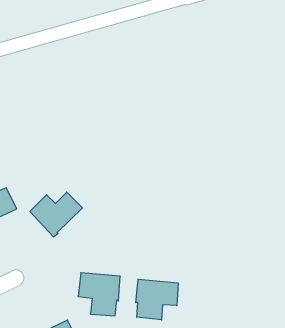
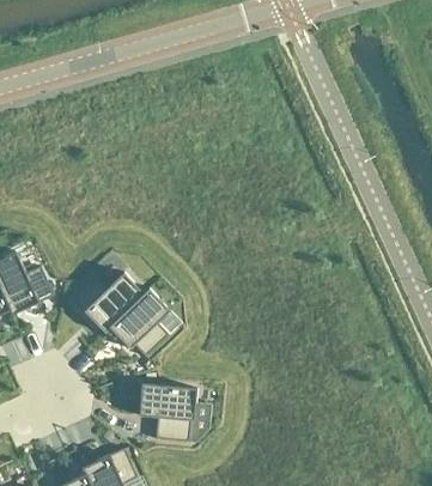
building: none -> [110,287,170,356]
building: [136,279,178,320] -> none

